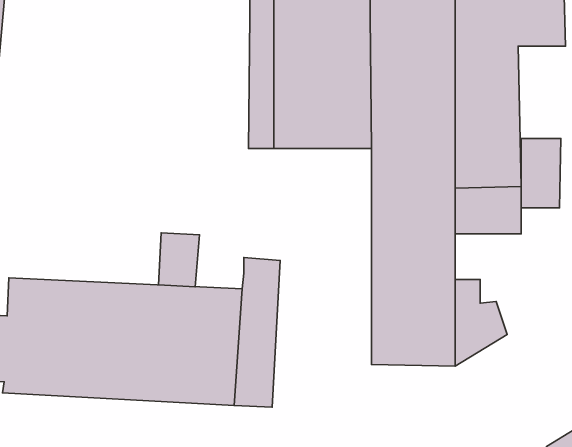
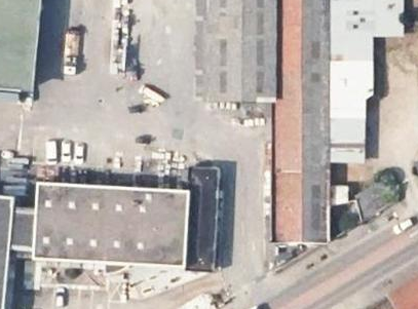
building: [521,138,561,208] -> none
building: [158,233,199,287] -> none

